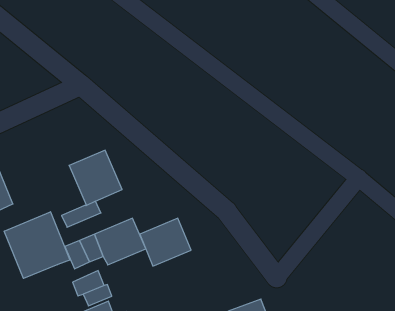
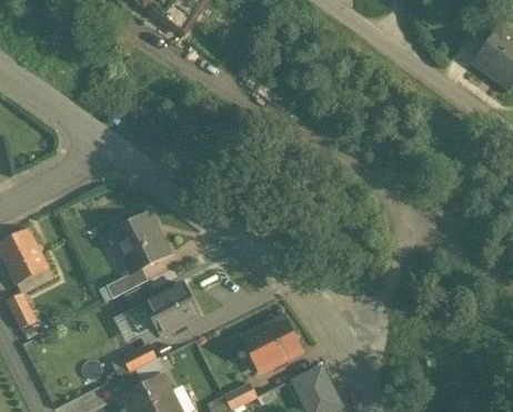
building: [4,212,70,278] -> none
building: [140,218,191,266] -> [241,319,298,372]

